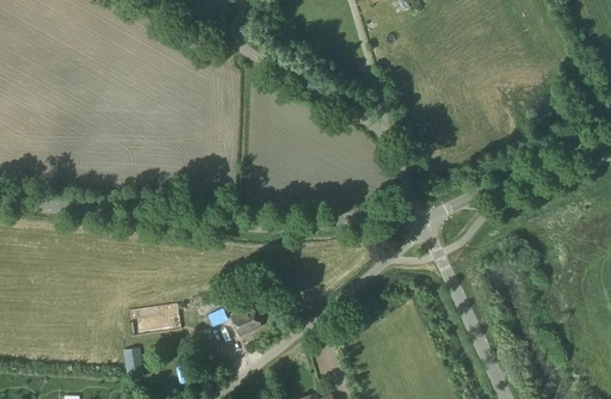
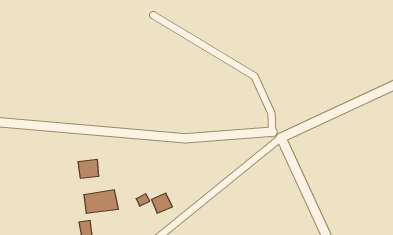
building: none -> [78,159,99,178]

